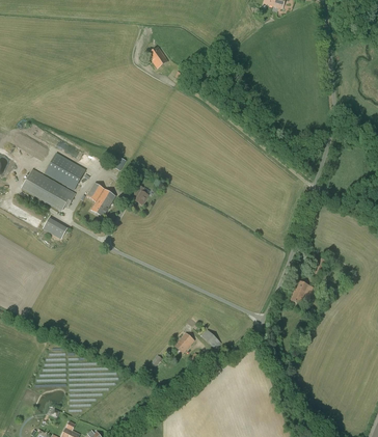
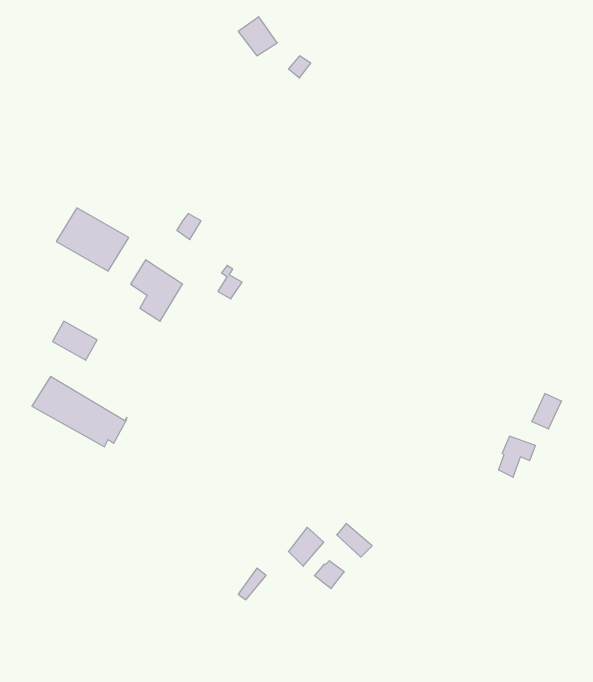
building: [22,169,75,209] -> [32,376,127,447]

